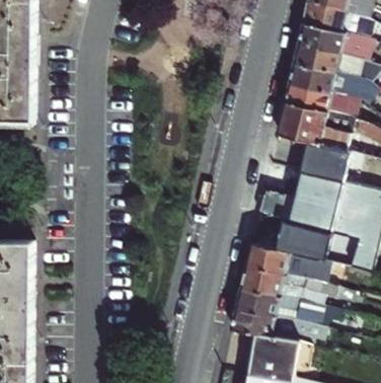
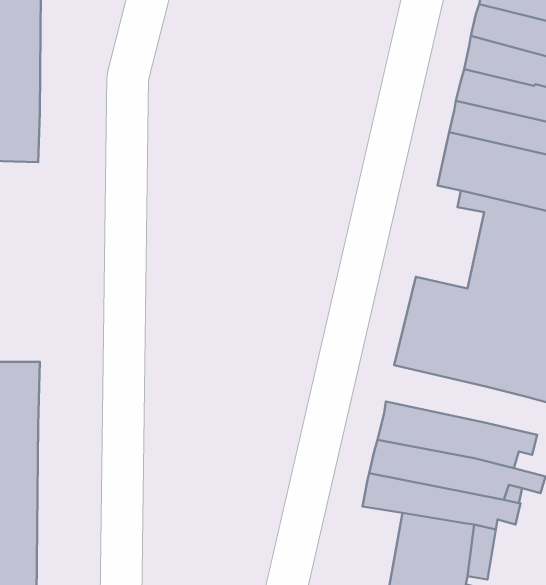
building: [245,243,330,283] -> none

